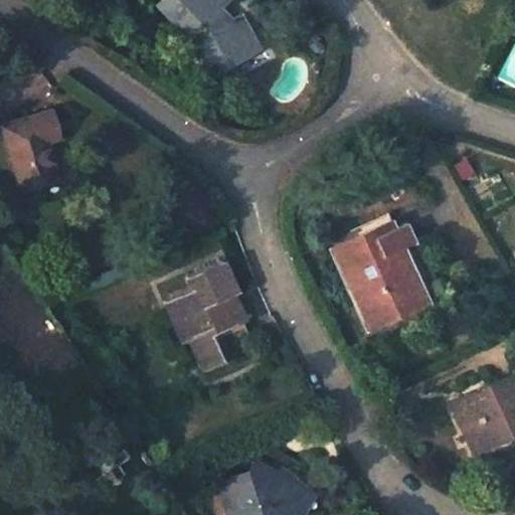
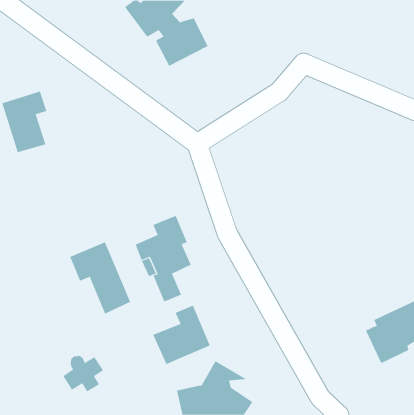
building: [333,211,442,327] -> none
building: none -> [69,241,131,314]
building: none -> [153,305,211,365]

